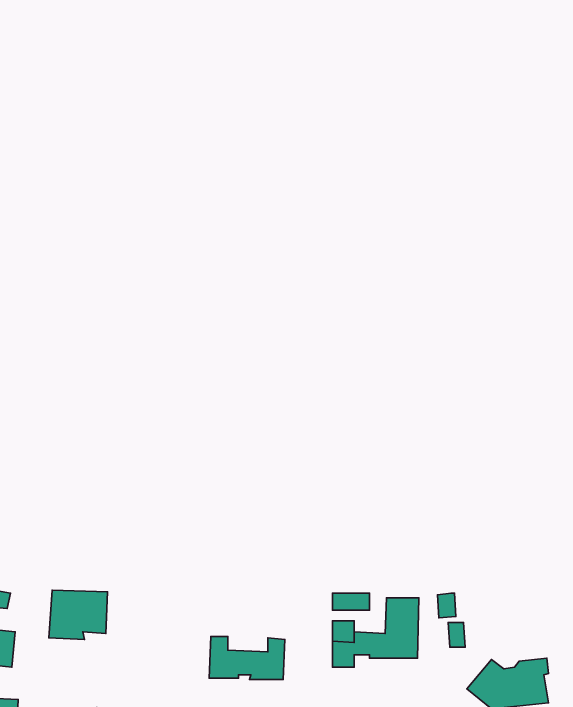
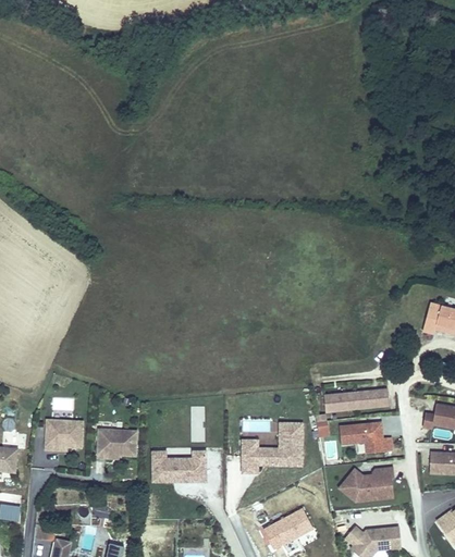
building: none -> [325,387,391,412]
building: none -> [337,420,393,451]
building: none -> [95,428,138,459]

